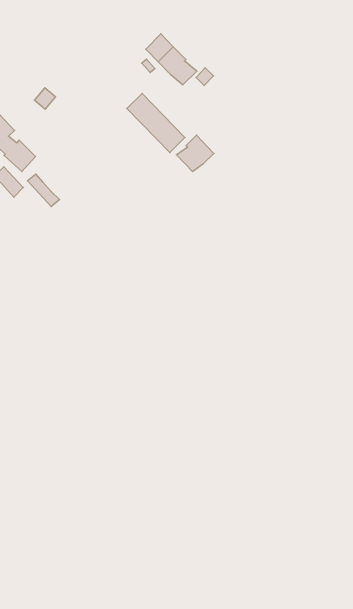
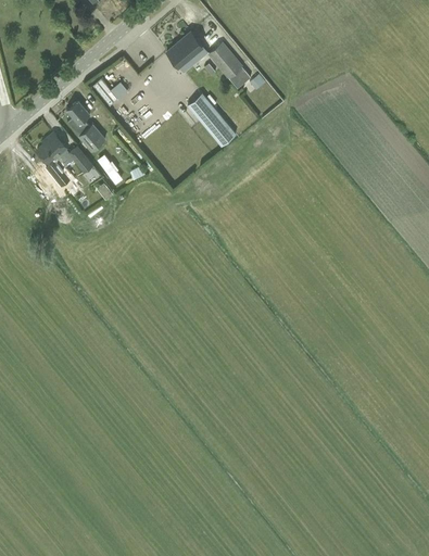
building: none -> [167,33,205,66]
building: [177,135,214,172] -> none

